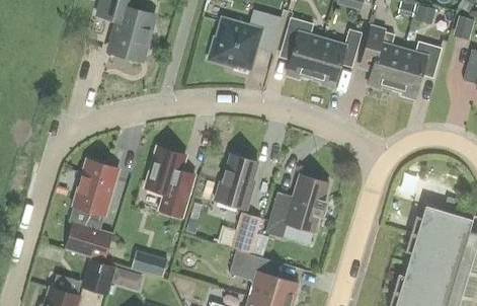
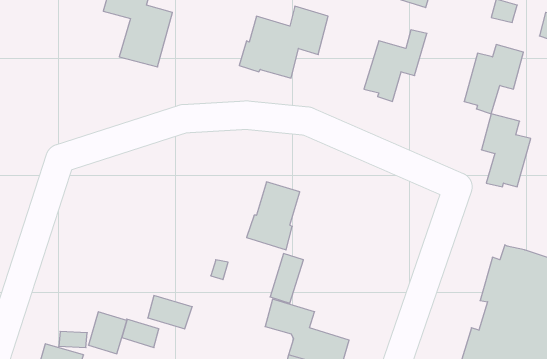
building: [282,17,322,78] -> none
building: [363,28,403,88] -> [481,114,531,187]
building: [145,147,194,217] -> none
building: [66,160,117,259] -> none
building: [264,172,329,237] -> none

